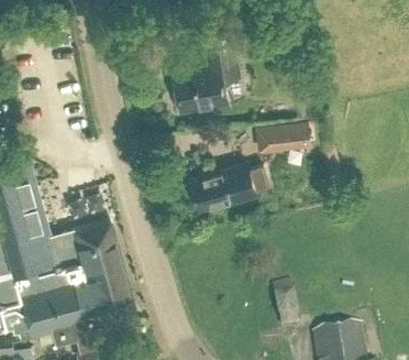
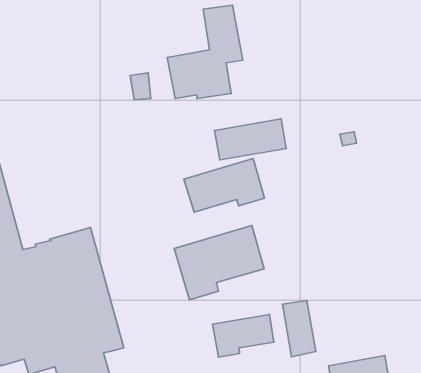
building: [281,120,309,148] -> none
building: none -> [174,225,264,300]
building: none -> [213,314,274,357]

